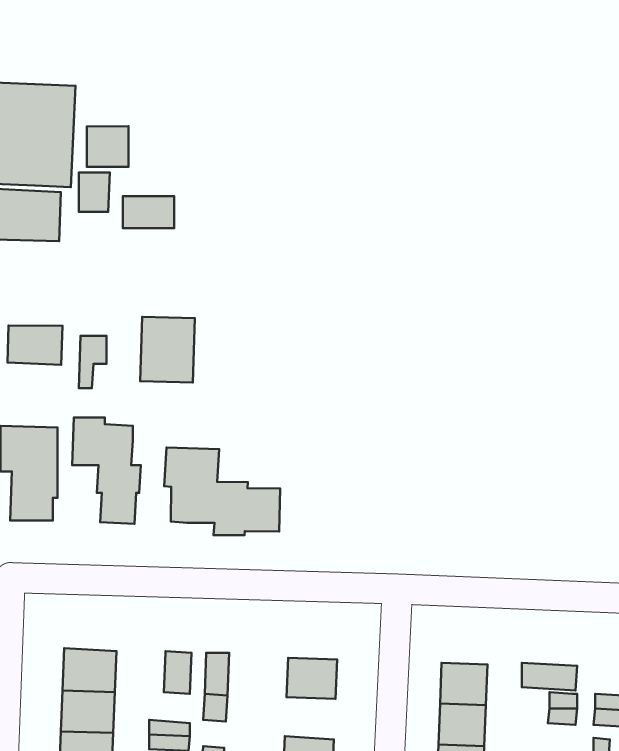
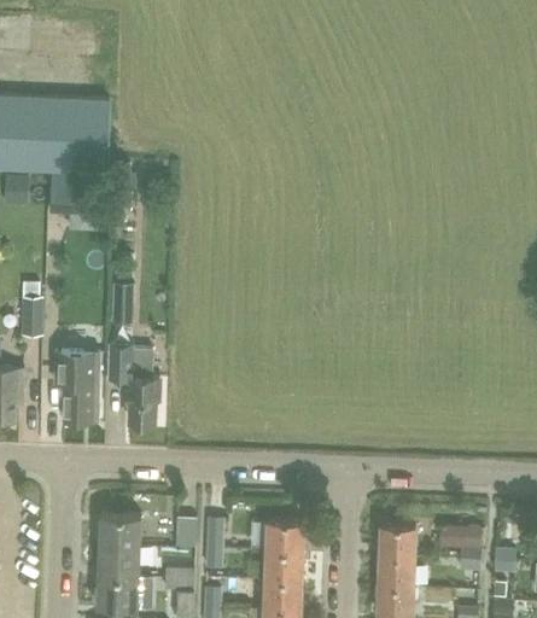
building: [87,126,128,167] -> none
building: [123,196,174,228] -> none
building: [140,317,195,382] -> none
building: [8,325,62,365] -> none
building: [164,447,280,535] -> none
building: none -> [264,552,302,583]

